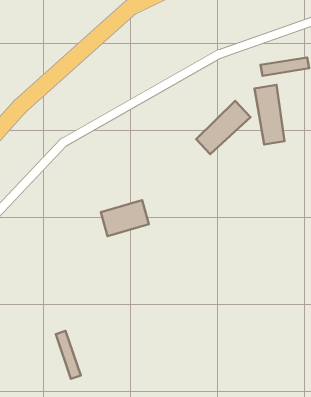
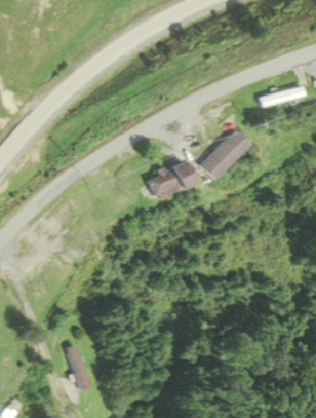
building: [254,85,285,145] -> none
building: [101,200,149,236] -> [148,163,193,197]

